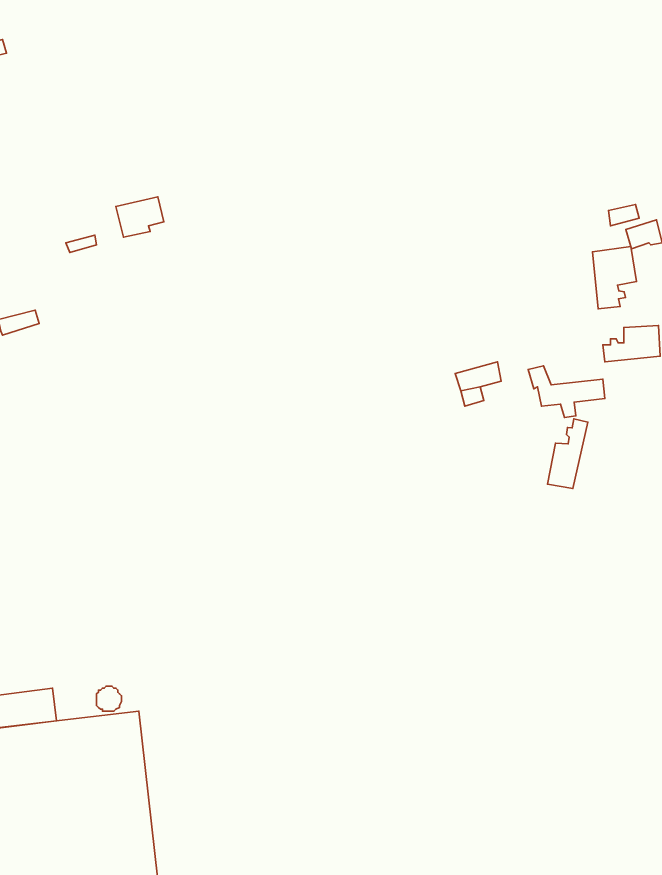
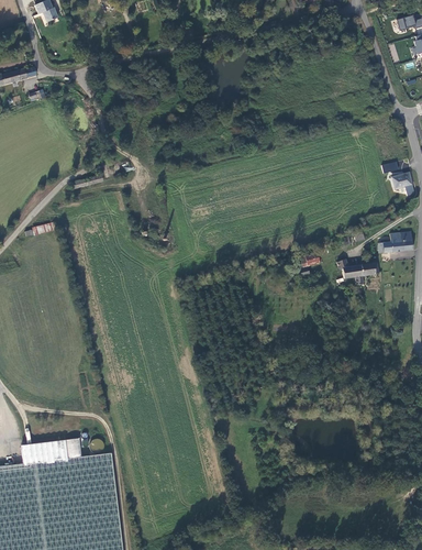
building: [592,246,637,309] -> none
building: [548,419,588,488] -> none

